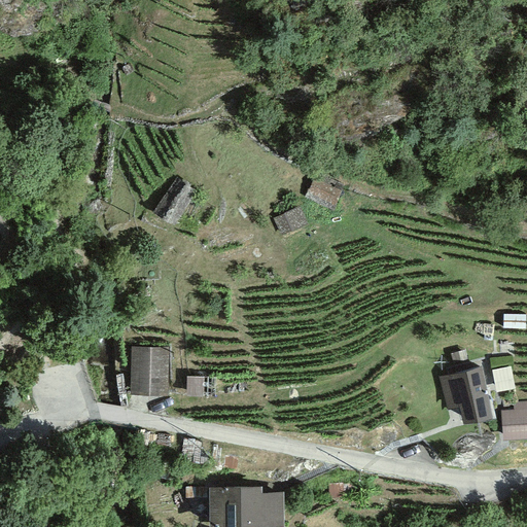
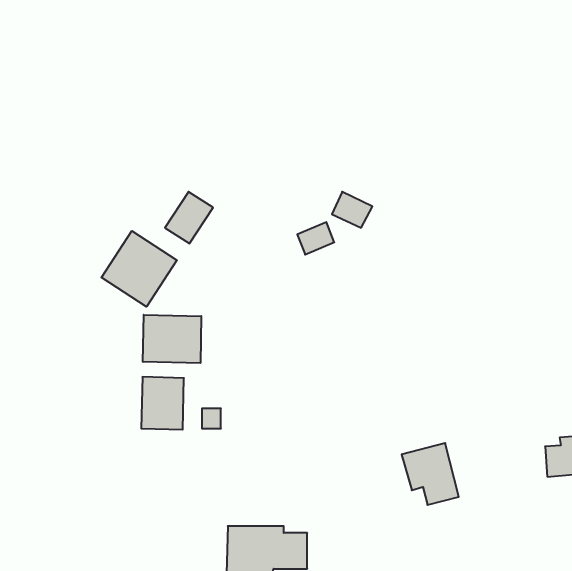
building: none -> [101,231,177,307]
building: none -> [143,315,201,363]
building: [440,365,492,422] -> [402,443,459,505]

